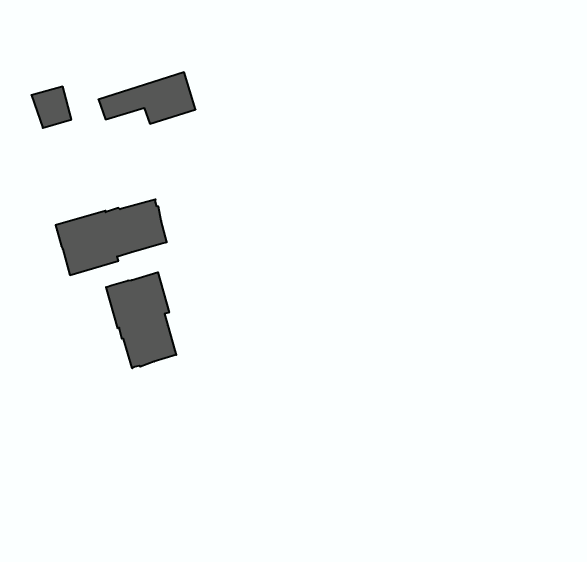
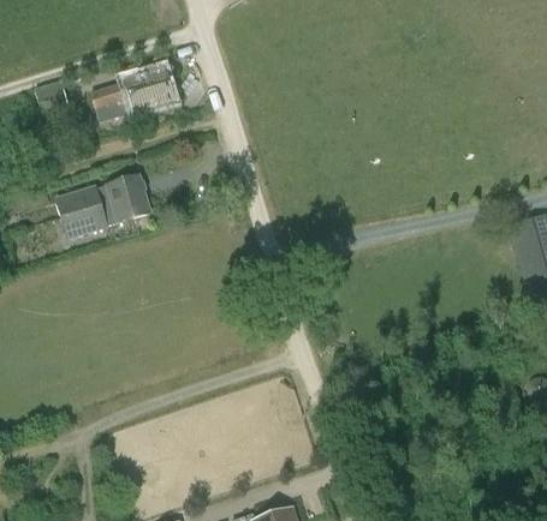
building: [106,272,176,368] -> none

